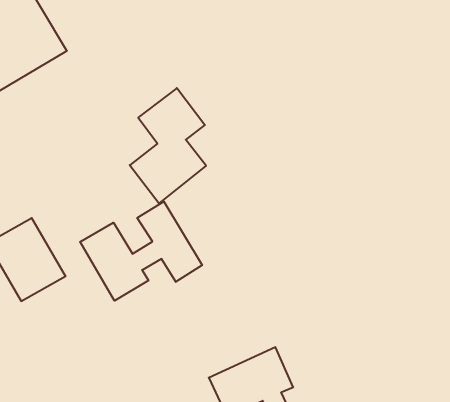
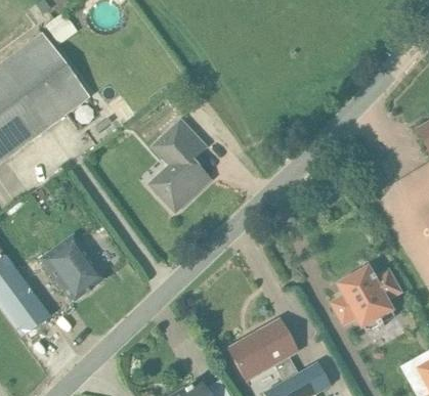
building: [80,201,202,301] -> none
building: none -> [333,267,399,331]

